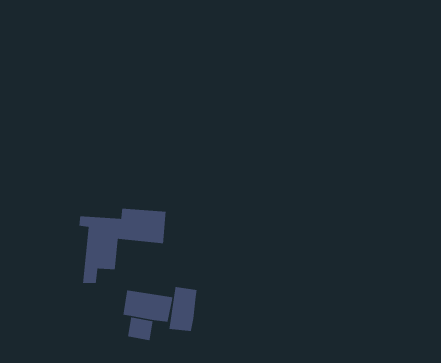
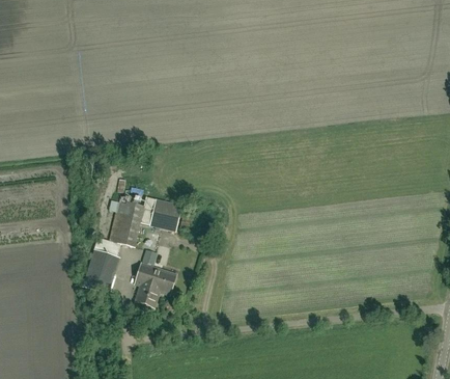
building: none -> [82,248,118,292]
building: [168,286,198,332] -> none

